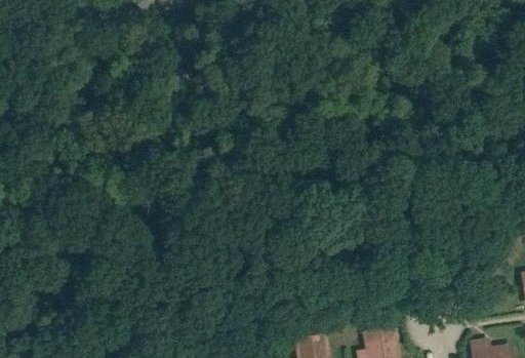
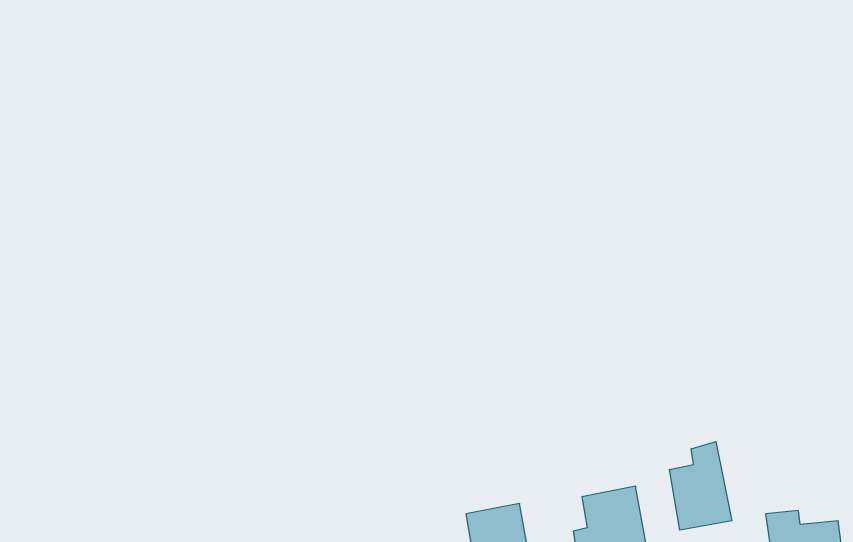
building: none -> [669,442,732,530]

